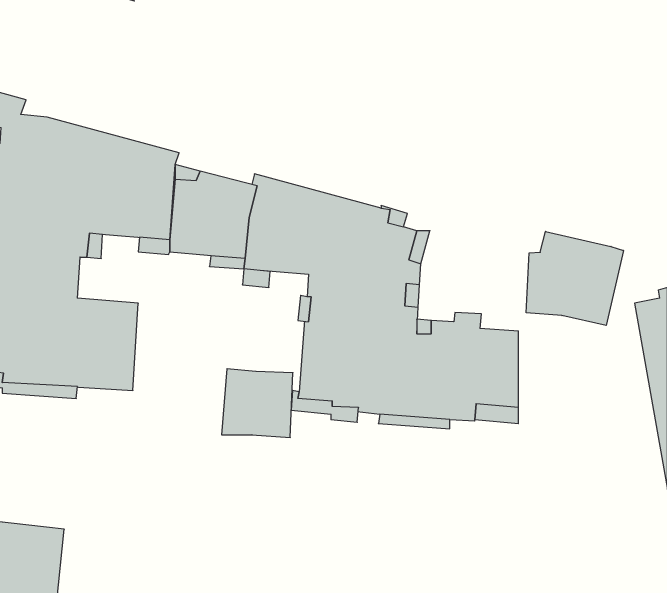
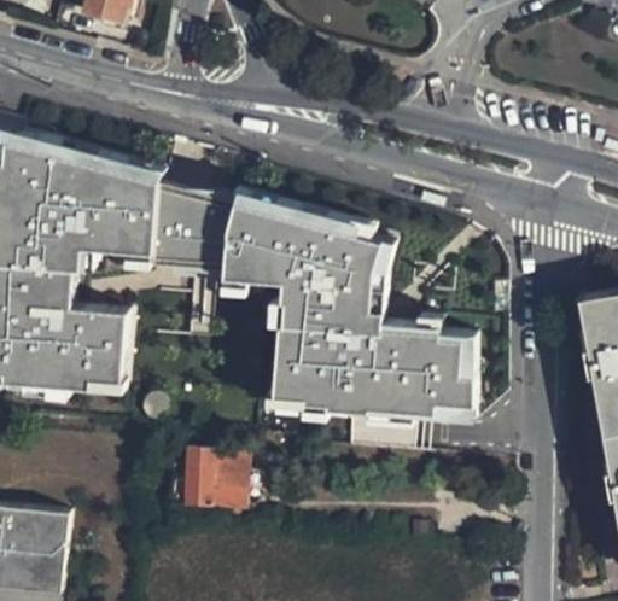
building: [526,231,623,325] -> none
building: [222,369,293,437] -> [185,451,250,514]

